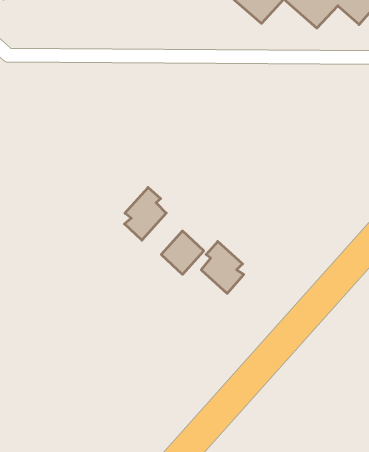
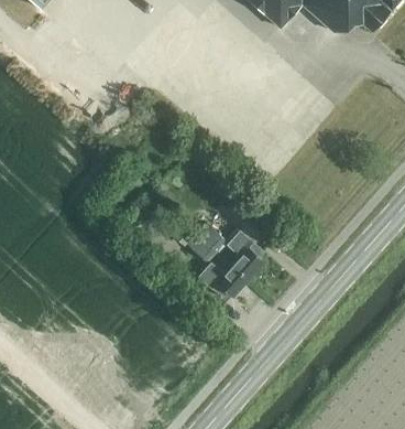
building: [124,187,166,240] -> none
building: none -> [200,257,249,296]

